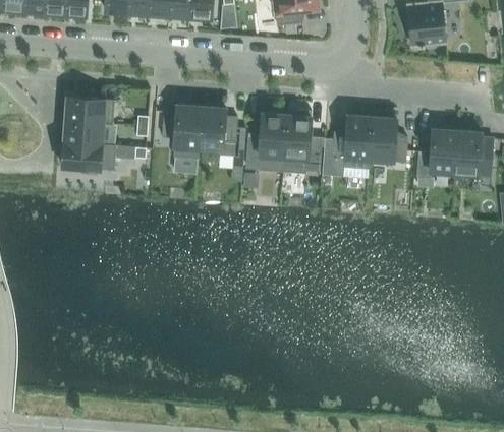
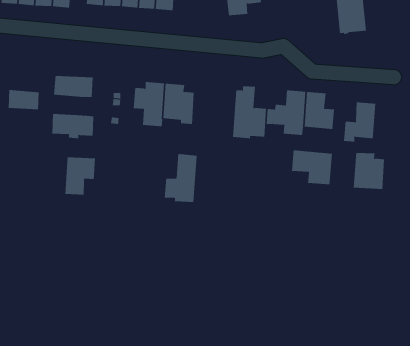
building: [245,114,286,173] -> [164,154,198,202]
building: [64,122,103,146] -> [8,90,40,110]
building: [453,132,492,177] -> [353,152,385,189]
building: none -> [291,150,333,185]
building: none -> [65,156,95,196]

